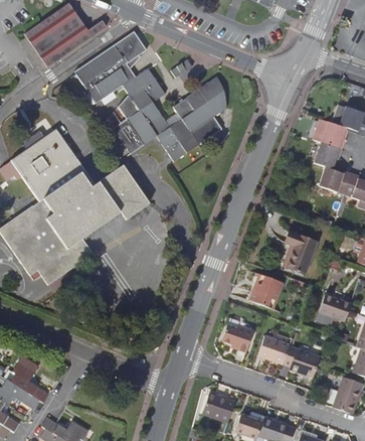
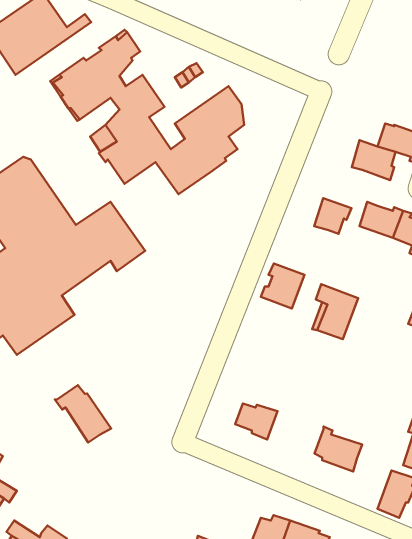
building: [314,141,343,169] -> [314,198,351,234]
building: [249,274,284,309] -> [261,263,305,308]
building: [319,294,351,321] -> none
building: none -> [55,385,111,443]
building: [258,335,291,364] -> none
building: [202,395,235,423] -> none

